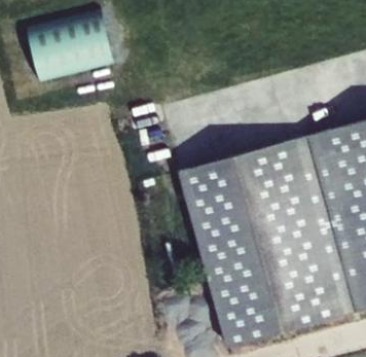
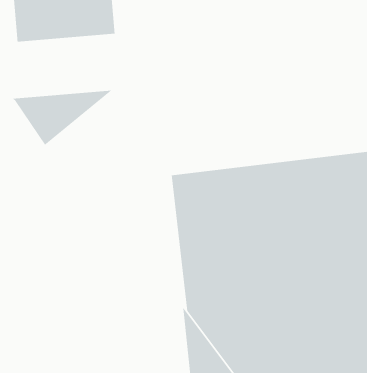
building: none -> [12,89,114,146]

